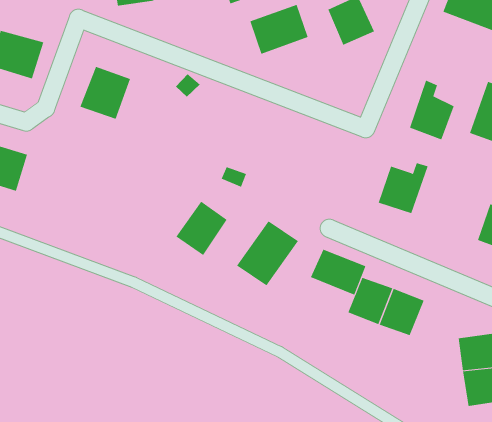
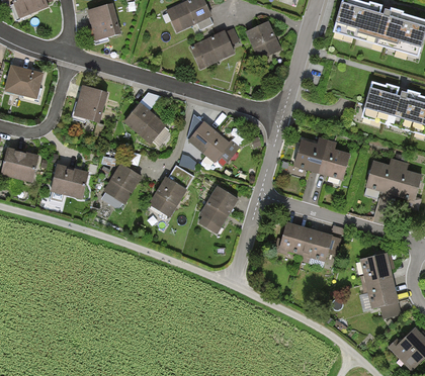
building: [409,80,454,140] -> [319,138,350,181]
building: none -> [123,103,164,142]
building: none -> [189,122,230,161]
building: none -> [51,165,89,197]
building: none -> [102,164,141,203]
building: [310,249,366,295] -> none

